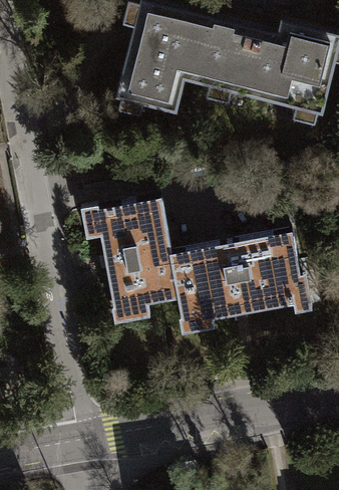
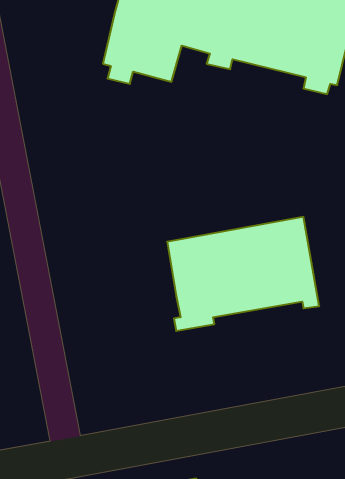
building: [95,199,179,323] -> none

